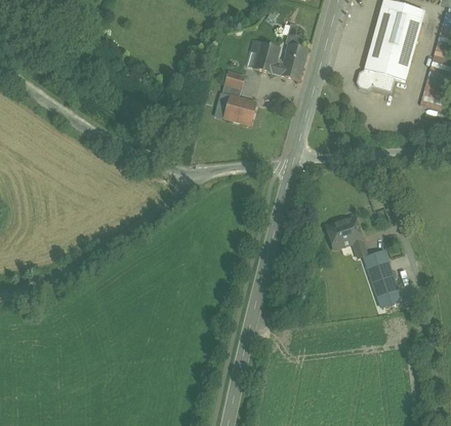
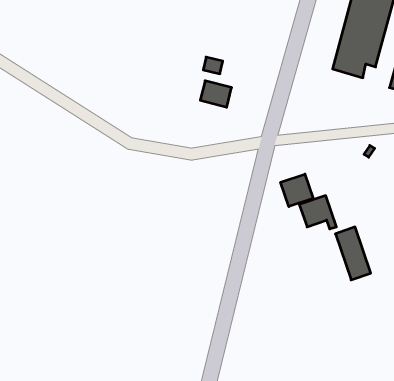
building: [247,33,306,79] -> none
building: none -> [281,174,313,207]

